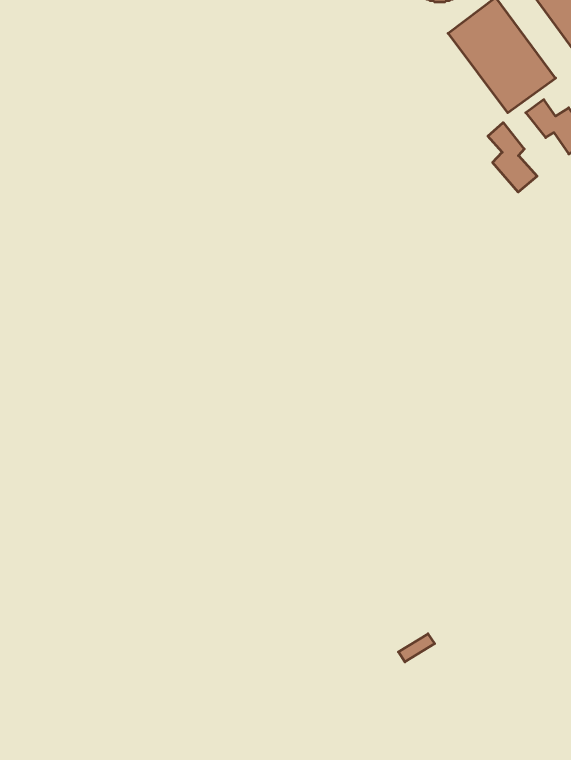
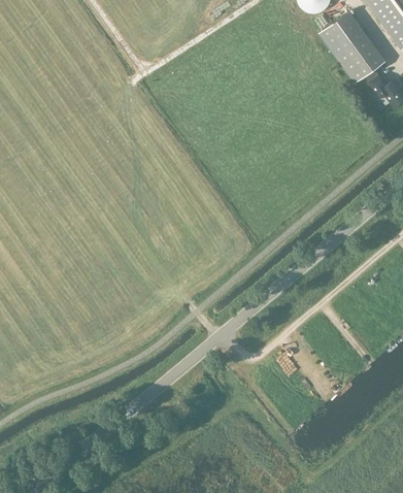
building: [488,123,537,192] -> none

